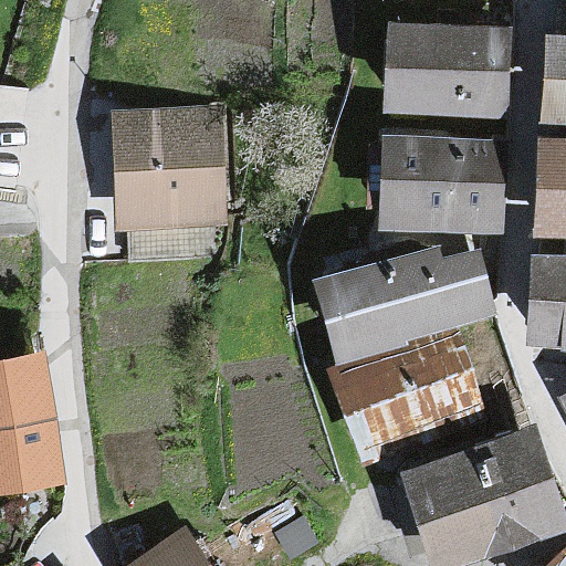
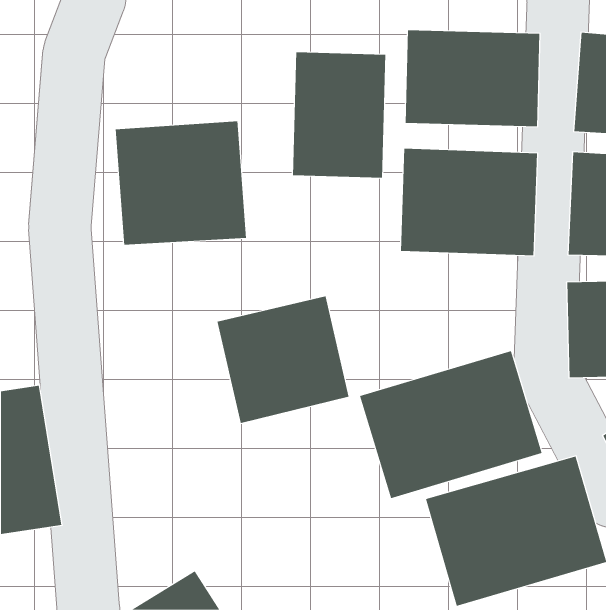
building: none -> [293,52,386,179]
building: [316,240,495,353] -> none
building: none -> [217,296,349,424]

